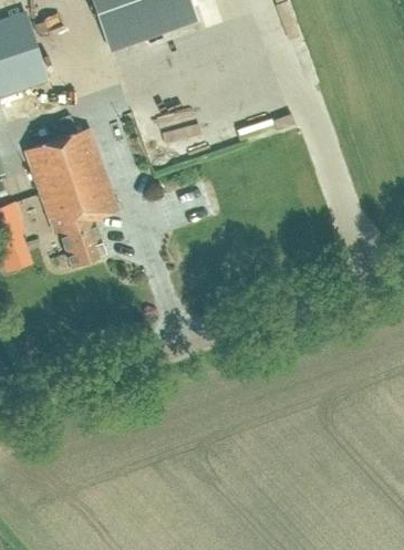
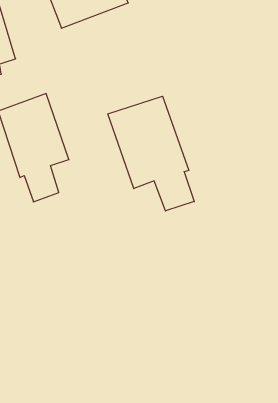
building: none -> [108,96,194,211]

